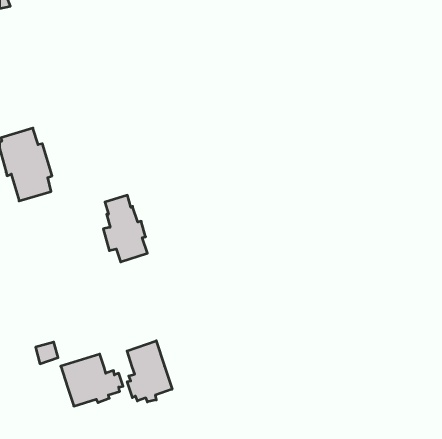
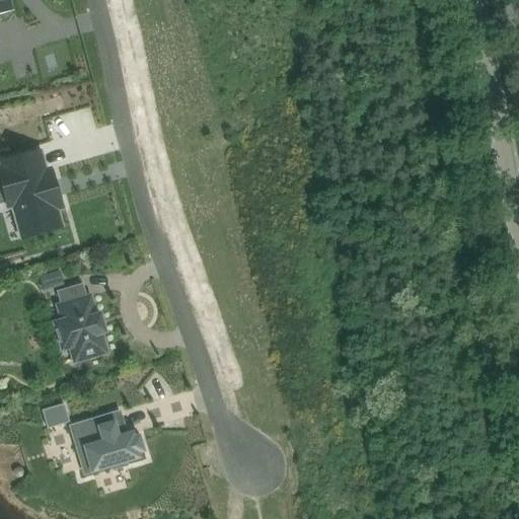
building: [103,195,147,262] -> [54,280,105,358]
building: [127,341,172,402] -> none

